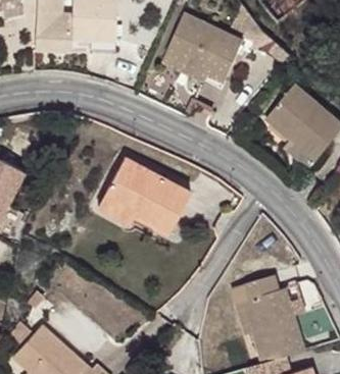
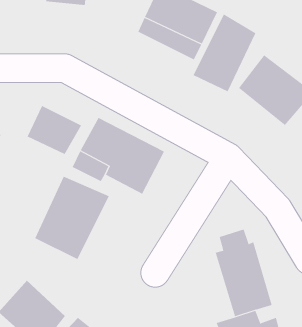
building: none -> [193,14,256,92]
building: none -> [27,105,82,155]
building: none -> [35,176,109,260]

